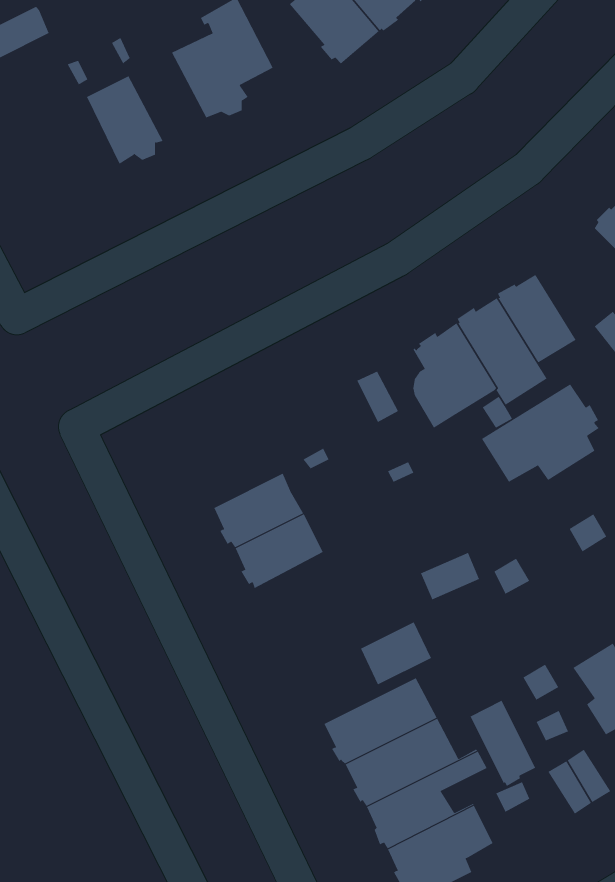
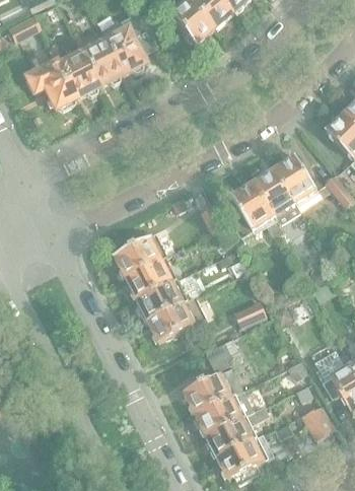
building: none -> [81,39,122,85]
building: none -> [23,59,76,110]
building: [481,384,600,482] -> none
building: none -> [114,231,166,278]
building: none -> [147,296,206,342]
building: [470,700,536,787] -> none

